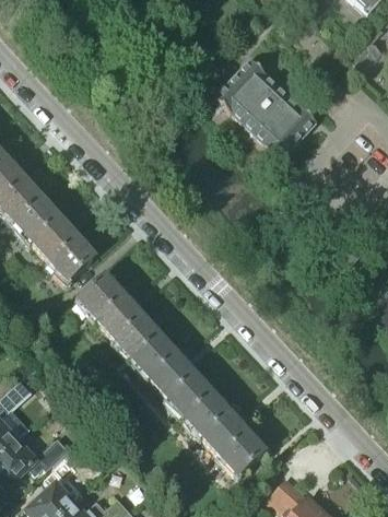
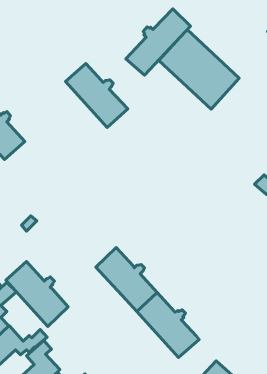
building: none -> [126,9,191,75]
building: [15,200,95,282] -> [65,64,128,128]
building: [79,278,158,361] -> [6,261,68,326]

